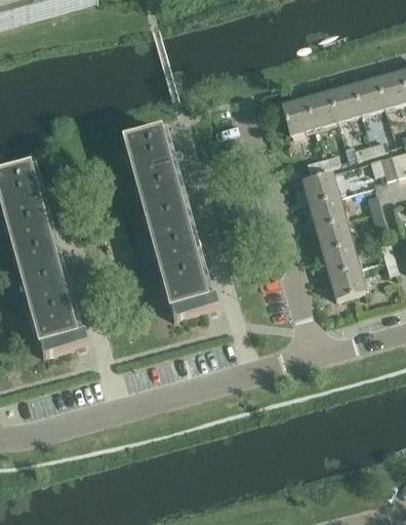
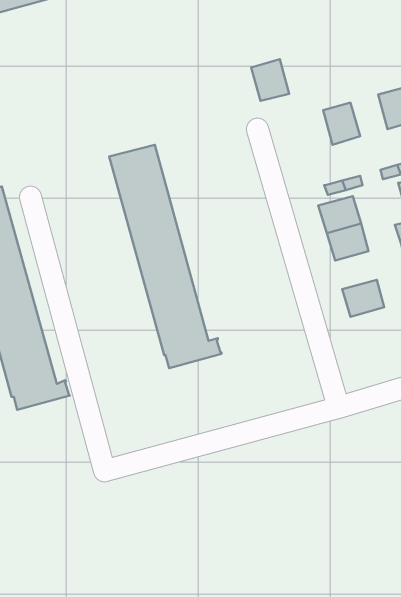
building: [330,84,362,120] -> none
building: [282,97,315,133] -> [251,59,289,101]
building: [317,218,353,251] -> none
building: [330,267,366,298] -> none

